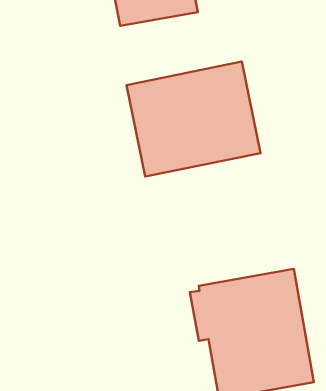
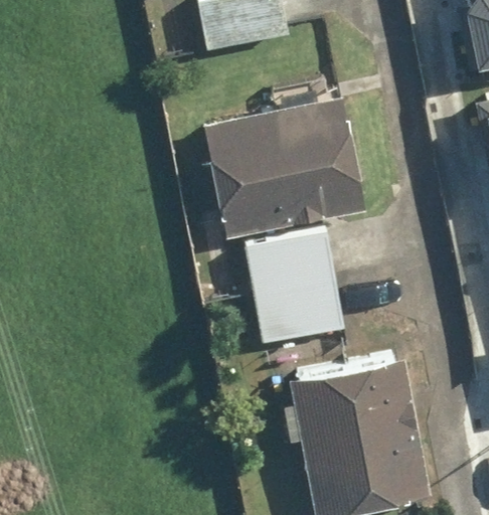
building: none -> [242,228,347,344]

